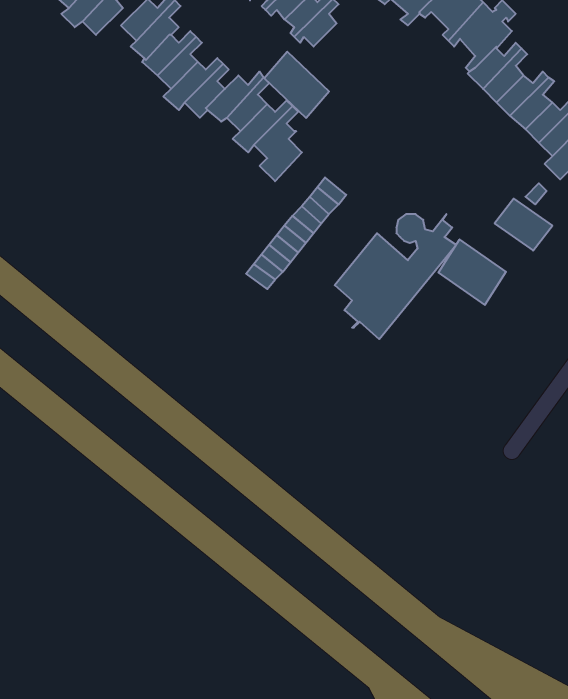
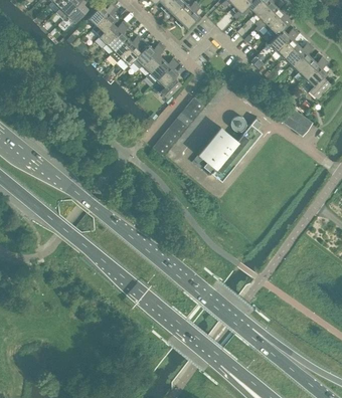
building: [264,52,329,118] -> none
building: [438,239,506,305] -> none

